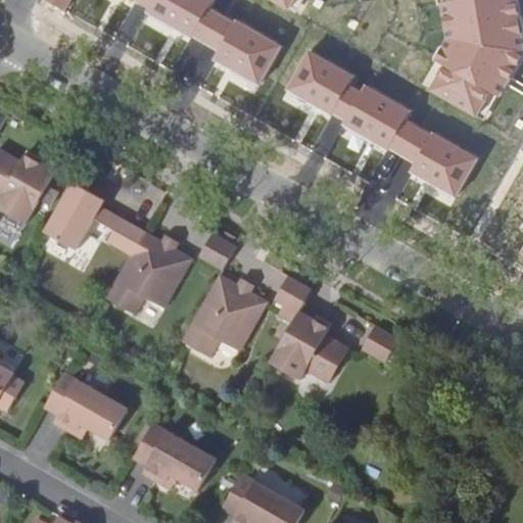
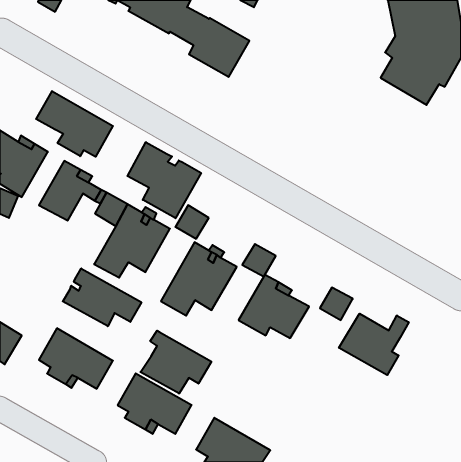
building: [284,49,478,198] -> none
building: none -> [36,91,113,157]
building: none -> [127,142,201,218]
building: none -> [63,268,141,326]
building: none -> [339,314,409,375]
building: none -> [140,331,211,394]

